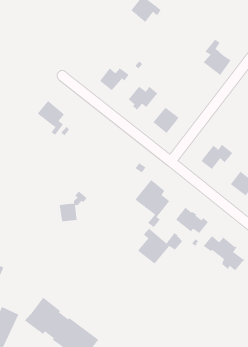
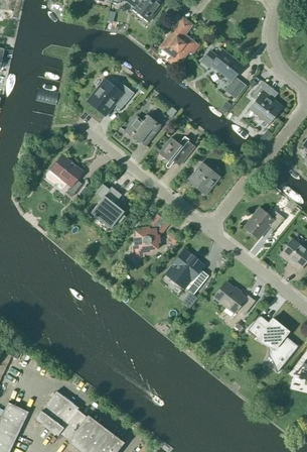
building: none -> [200,49,244,95]
building: none -> [87,80,134,115]
building: none -> [91,187,124,228]
building: [59,191,88,222] -> [135,214,169,251]
building: [137,228,183,264] -> none

